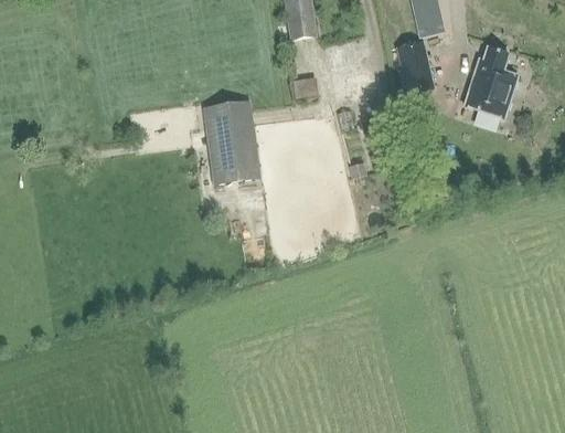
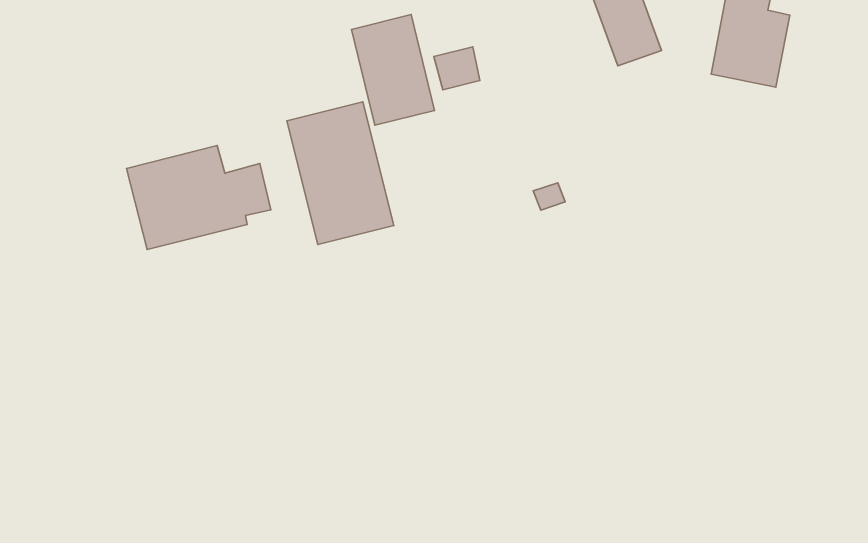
building: none -> [351,15,435,125]
building: none -> [126,145,271,249]

